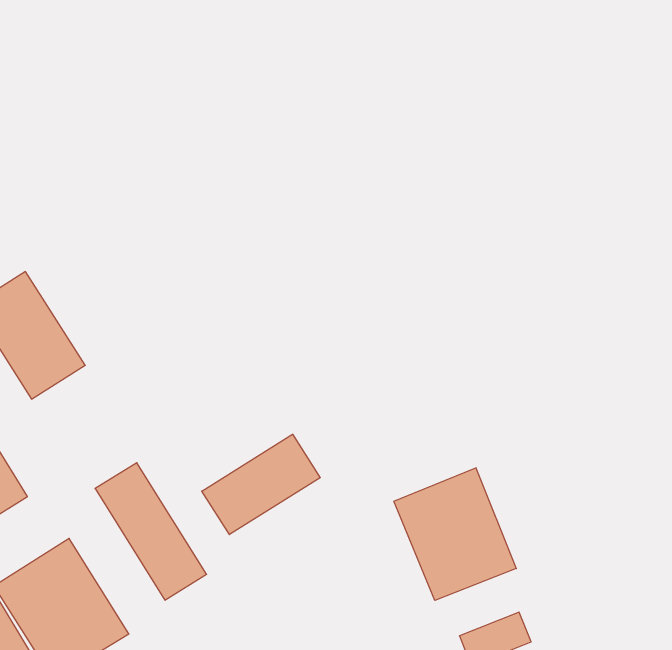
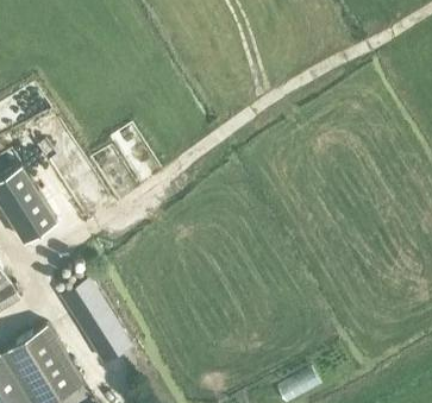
building: [202,434,320,535] -> none
building: [394,468,516,600] -> none

